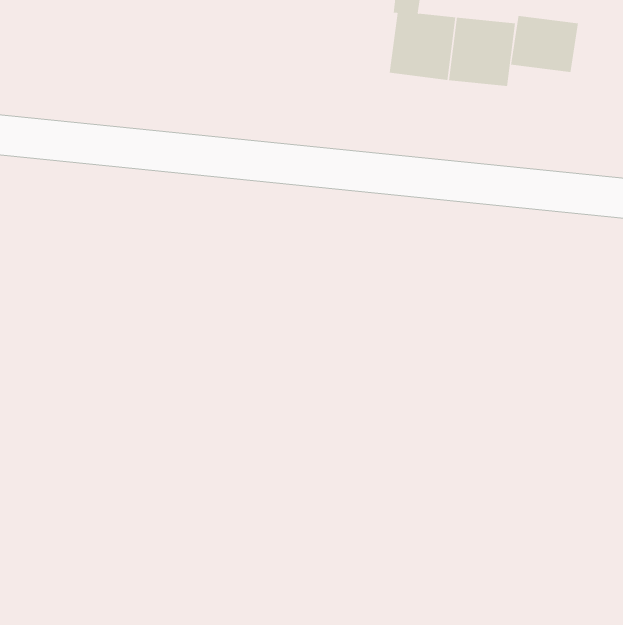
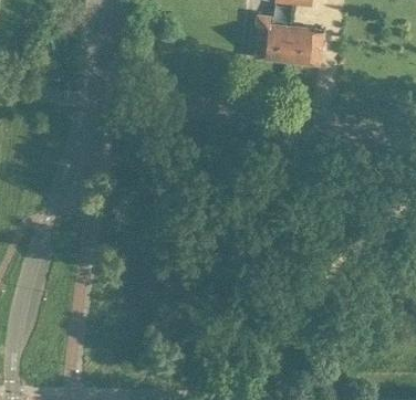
building: [510,15,579,73] -> none

